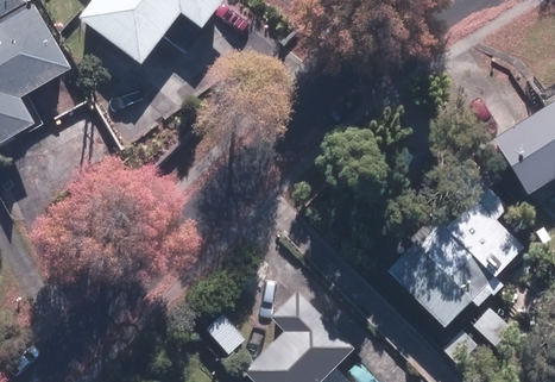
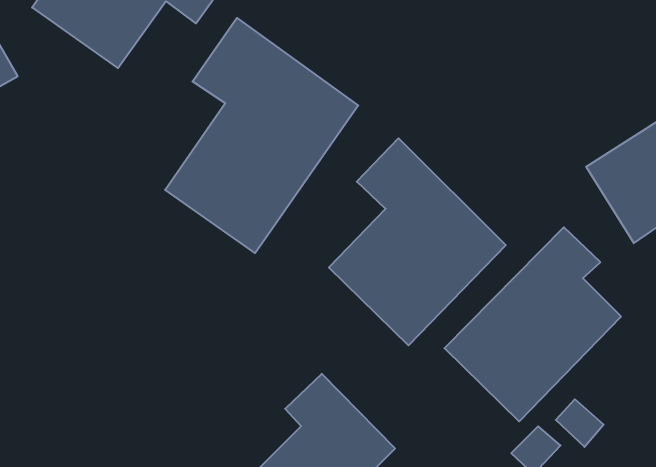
building: none -> [165,18,358,253]
building: none -> [329,138,506,345]

